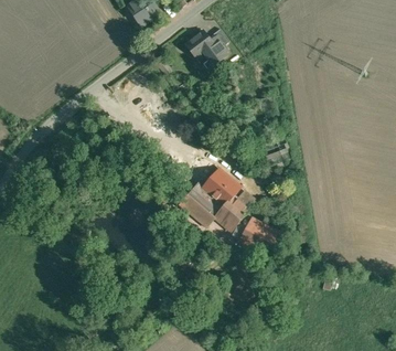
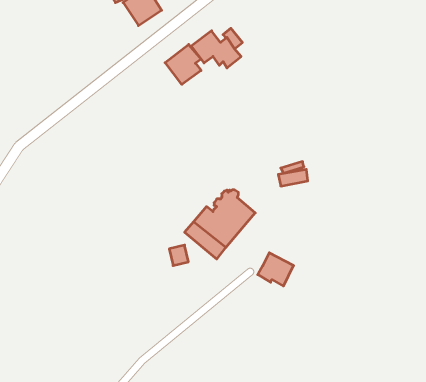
building: none -> [165,44,201,84]
building: [215,195,250,232] -> none

